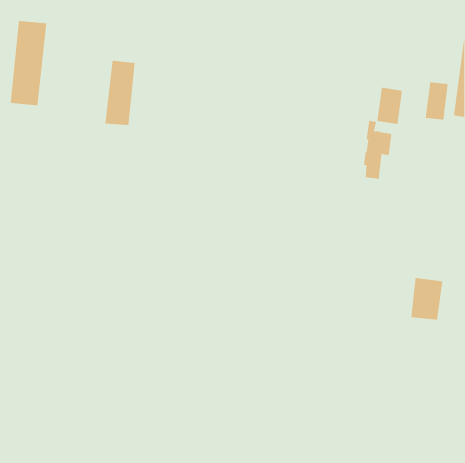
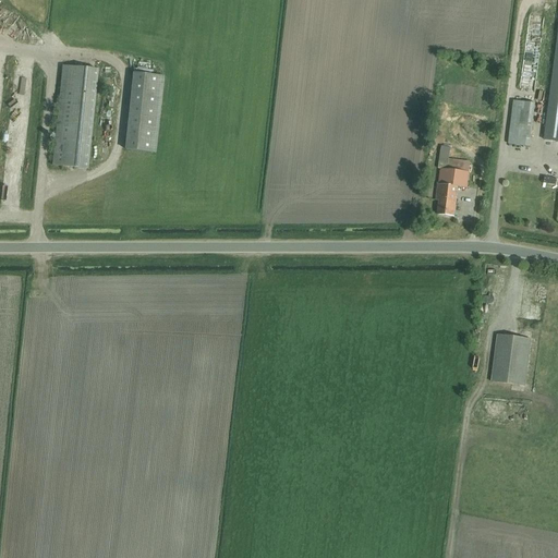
building: [10,20,47,106] -> [52,64,97,167]
building: [377,87,402,125] -> none

